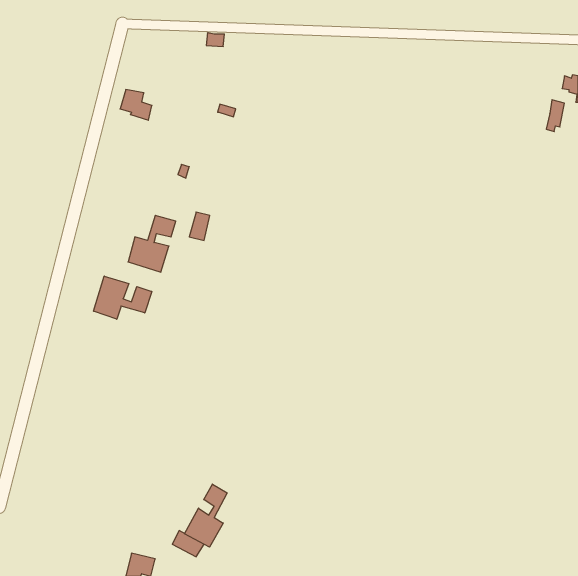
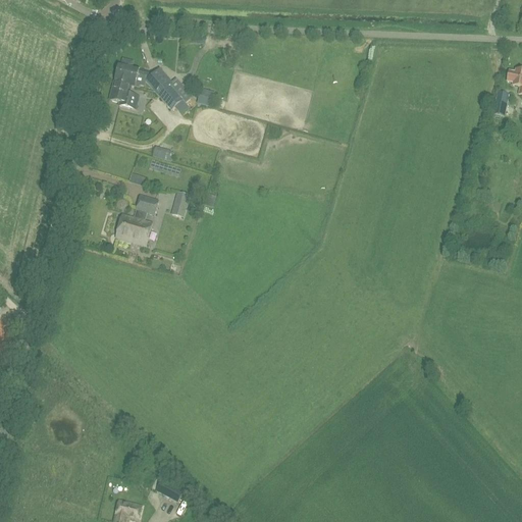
building: none -> [113,58,181,108]
building: [94,276,152,319] -> none
building: [185,484,227,547] -> none

